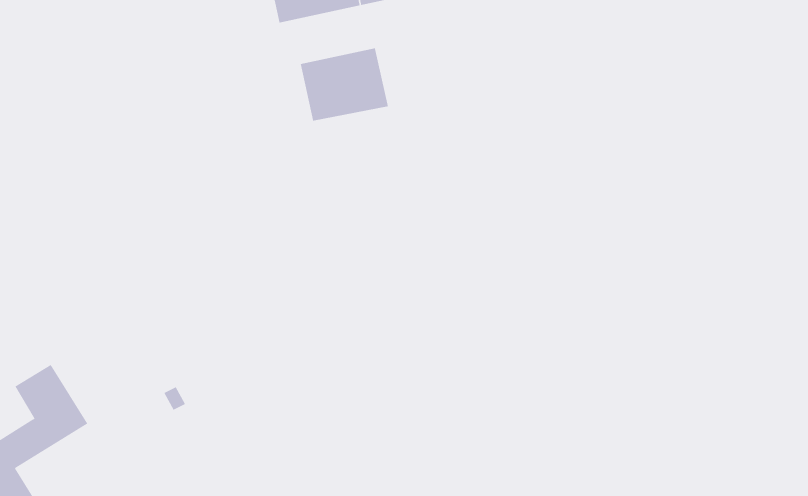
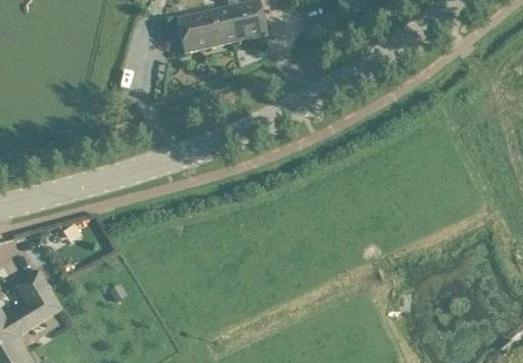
building: [300,47,389,121] -> none

